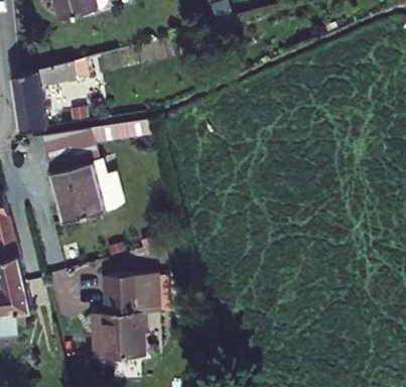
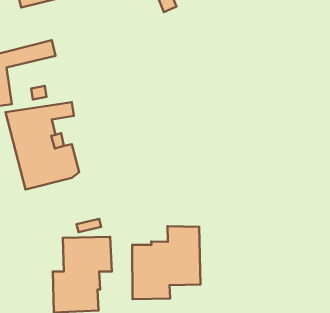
building: none -> [132,226,201,299]

